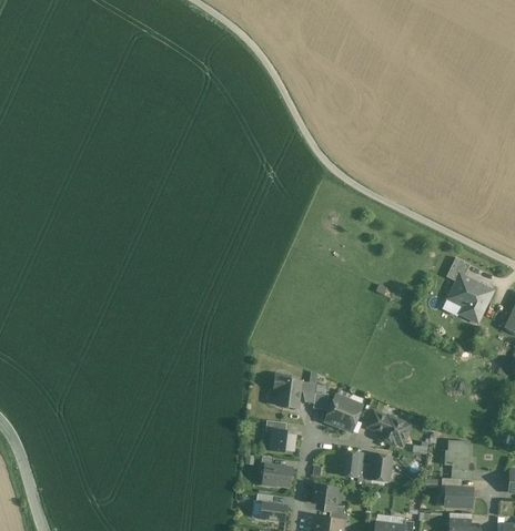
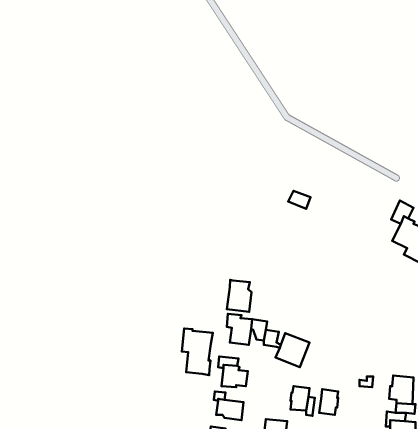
building: none -> [227,280,251,312]
building: none -> [182,328,213,375]
building: [367,411,410,443] -> none

